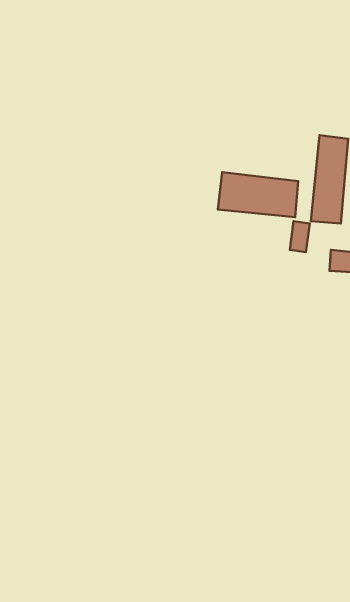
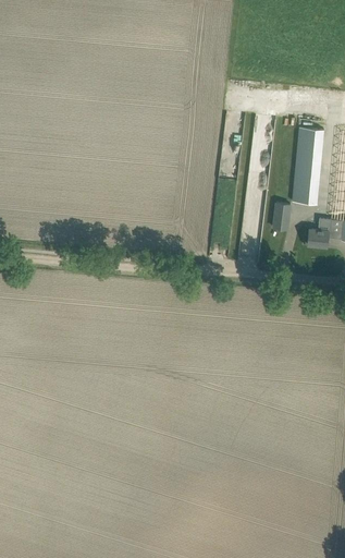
building: [218,172,298,217] -> none

